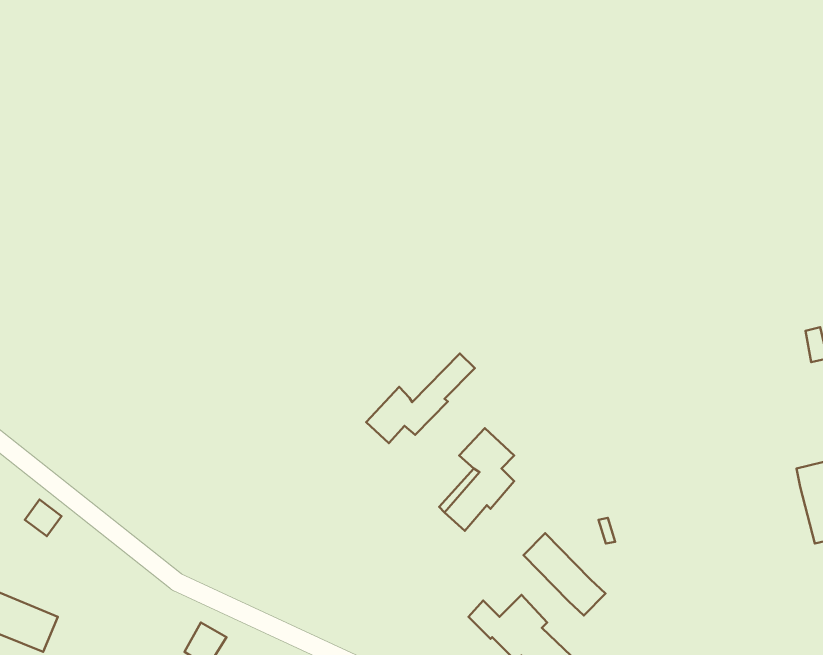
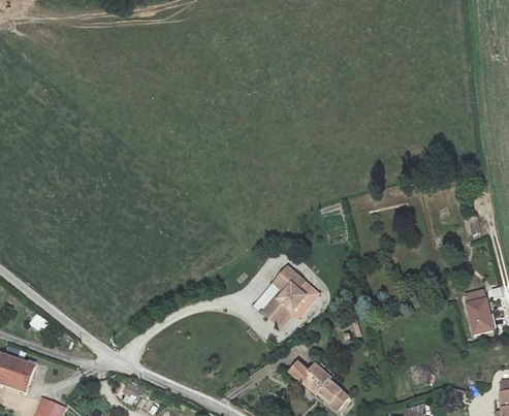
building: [366,353,475,443] -> none
building: [523,533,606,616] -> none

